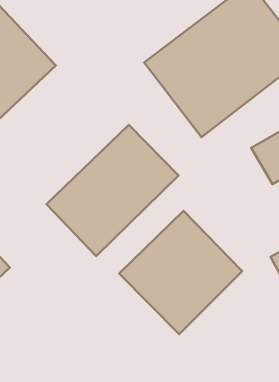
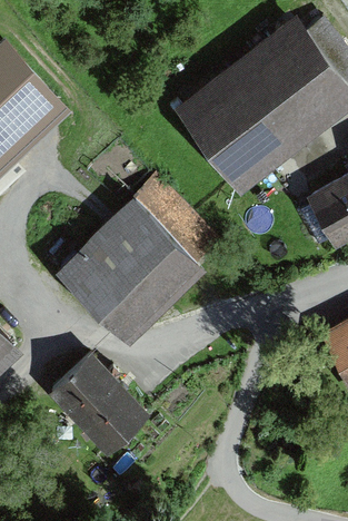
building: [119,211,242,334] -> none
building: none -> [42,352,148,458]

